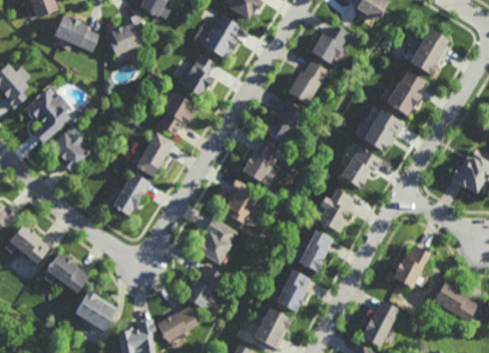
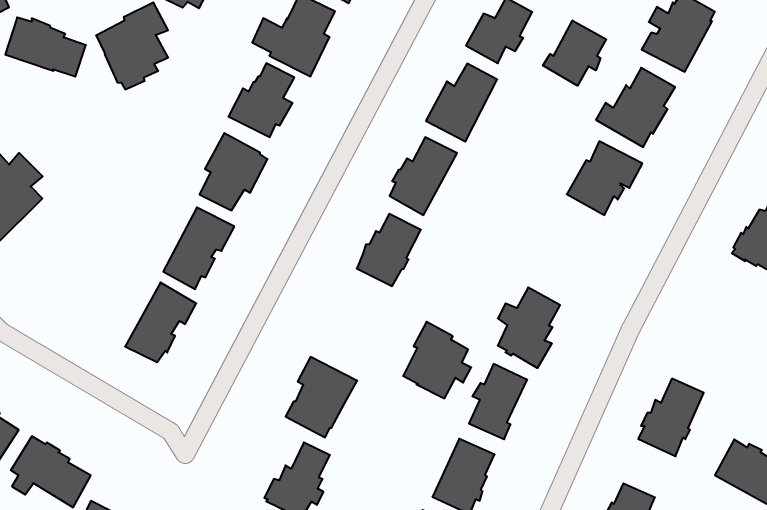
building: none -> [543,20,606,86]
building: [51,131,92,171] -> none
building: [339,146,383,188] -> none
building: [221,180,260,223] -> [403,322,471,398]

